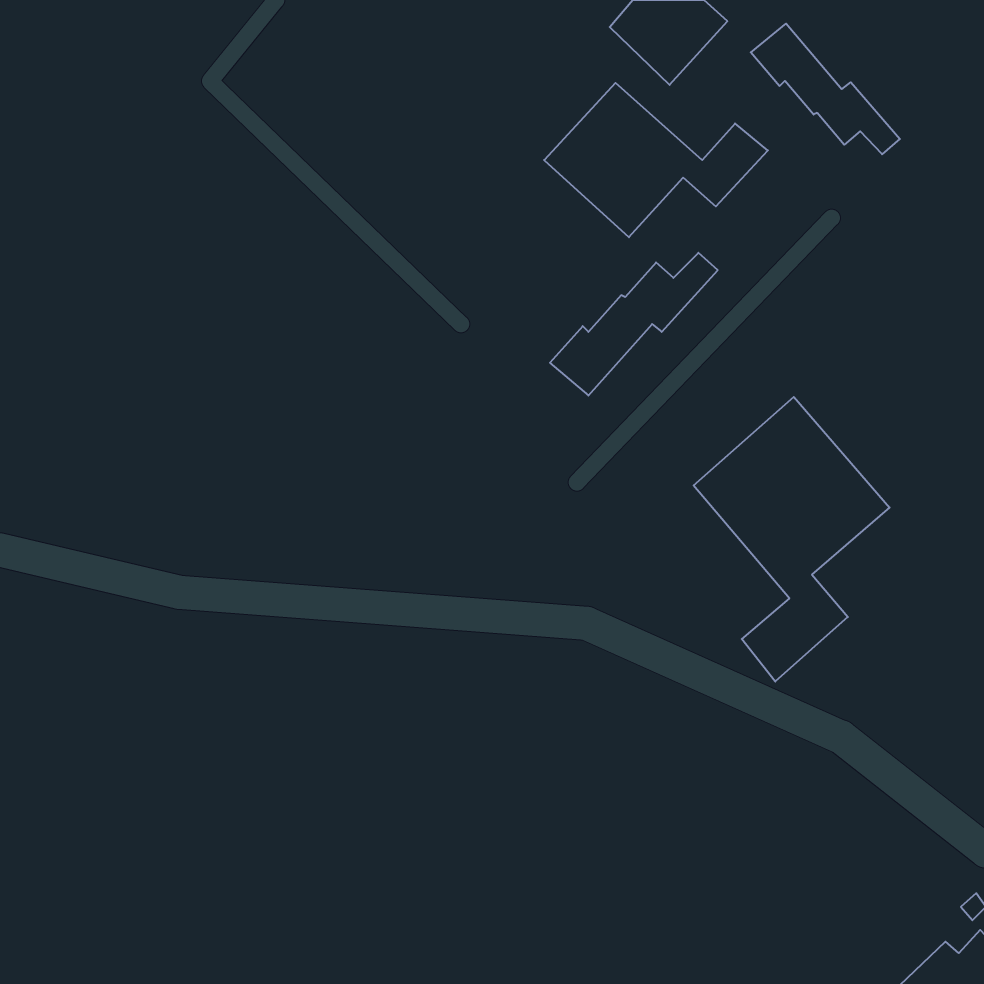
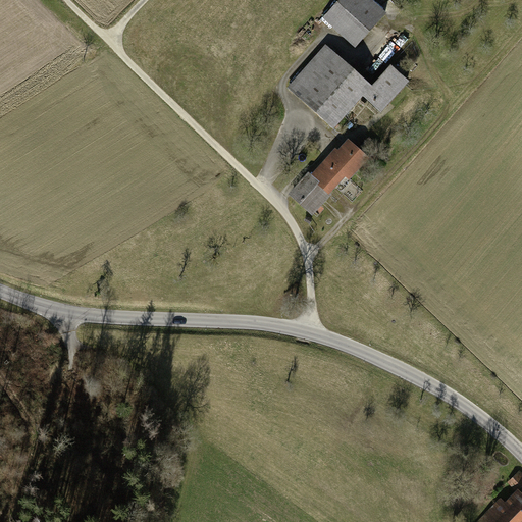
building: [751,24,900,154] -> none
building: [694,397,890,682] -> none

